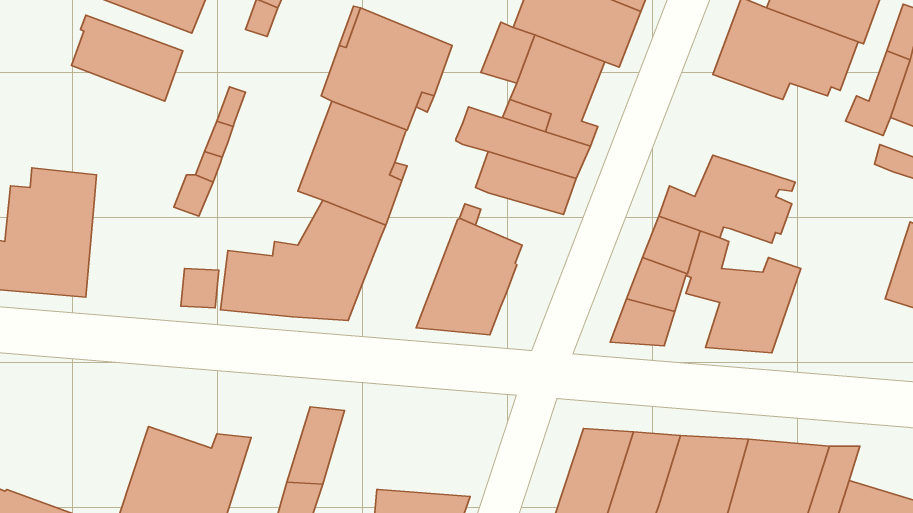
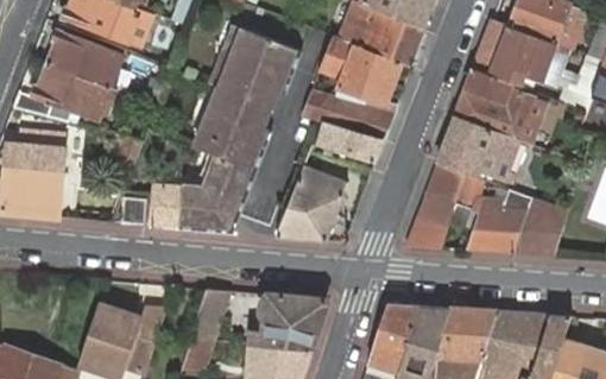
building: none -> [12,63,114,120]
building: none -> [454,69,541,140]
building: none -> [511,197,566,255]
building: none -> [251,295,326,348]

